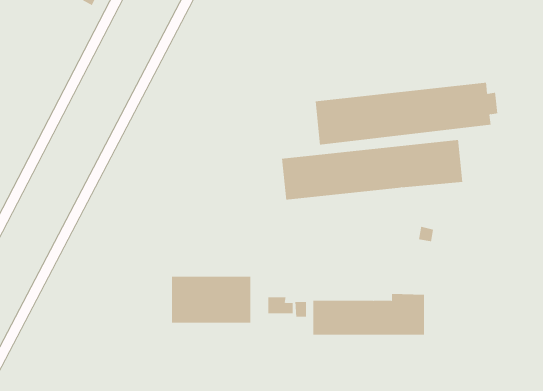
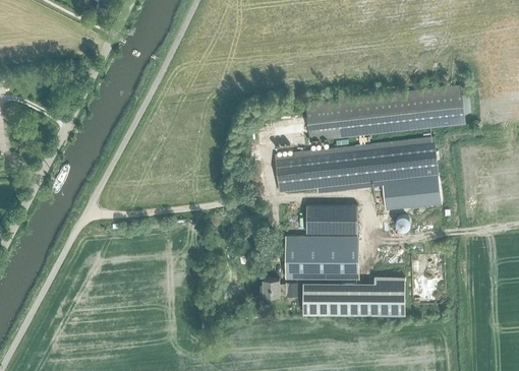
building: none -> [383,177,442,212]
building: none -> [305,207,357,234]
building: [171,276,251,323] -> [285,238,357,281]

